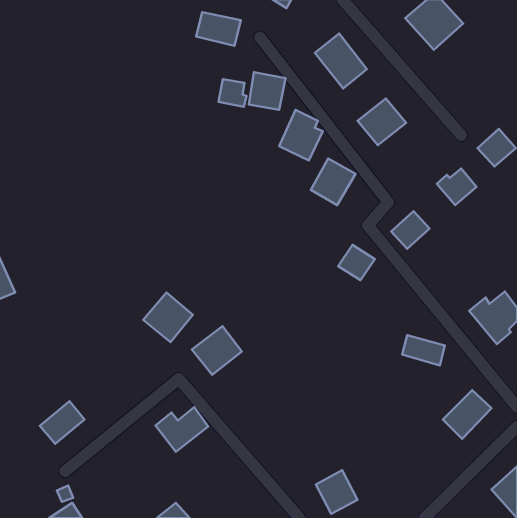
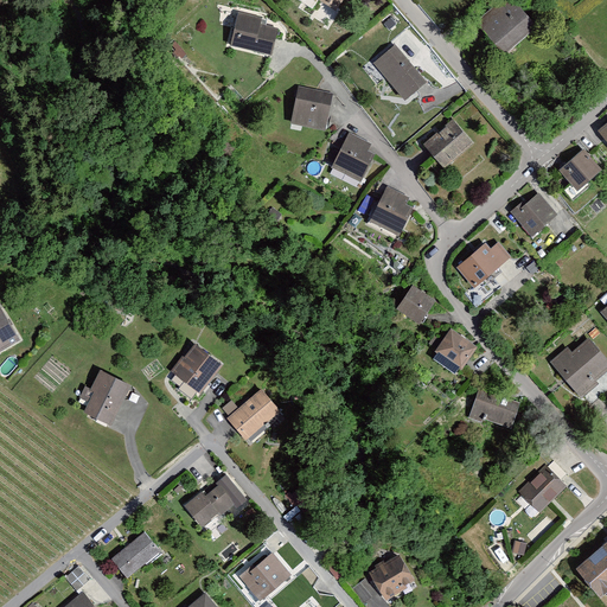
building: [219,79,246,107] -> none
building: none -> [432,326,480,373]
building: none -> [79,371,138,429]
building: [40,401,85,444] -> [110,525,162,575]
building: none -> [239,550,289,599]

